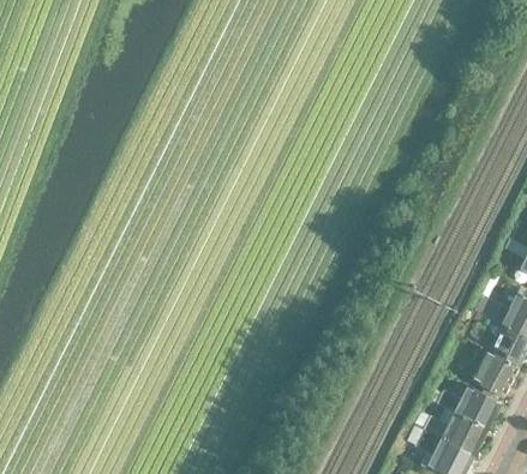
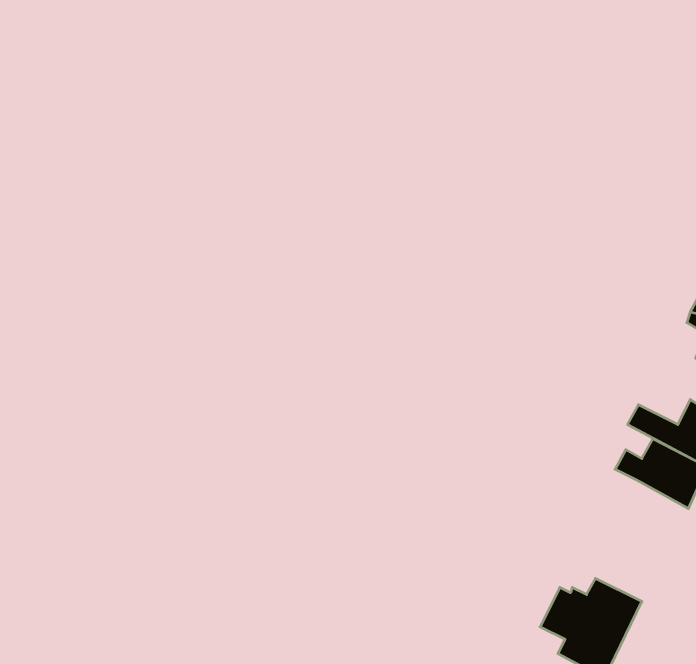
building: [474,349,517,397] -> none
building: [438,389,501,431] -> none

